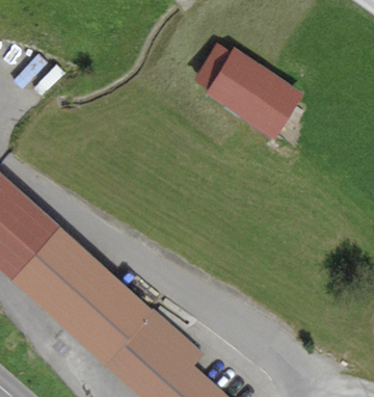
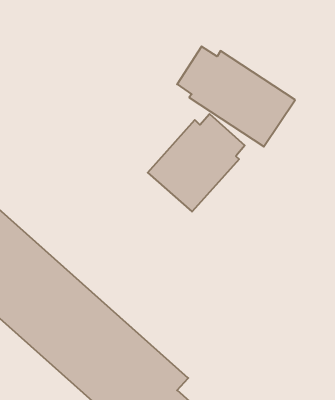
building: none -> [148,114,245,212]

